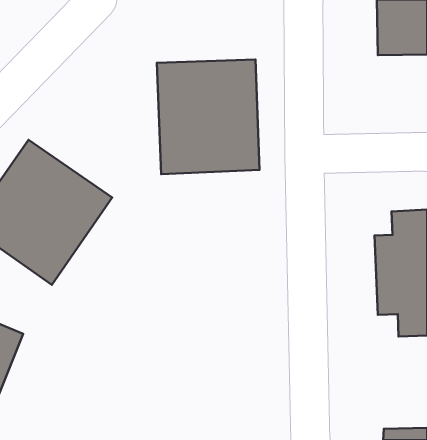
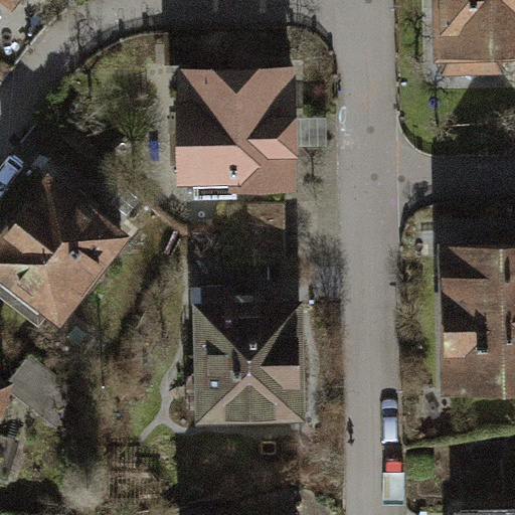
building: none -> [177,299,312,421]

